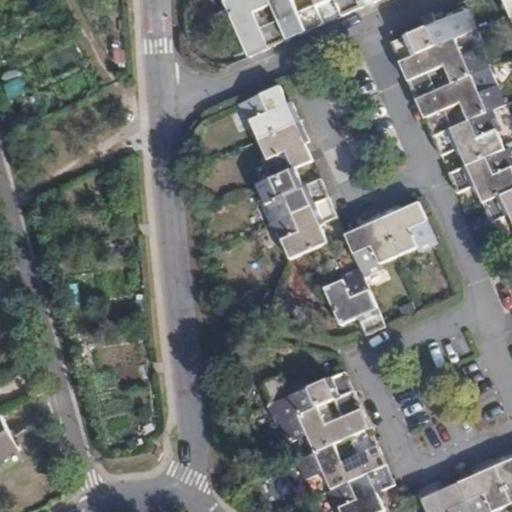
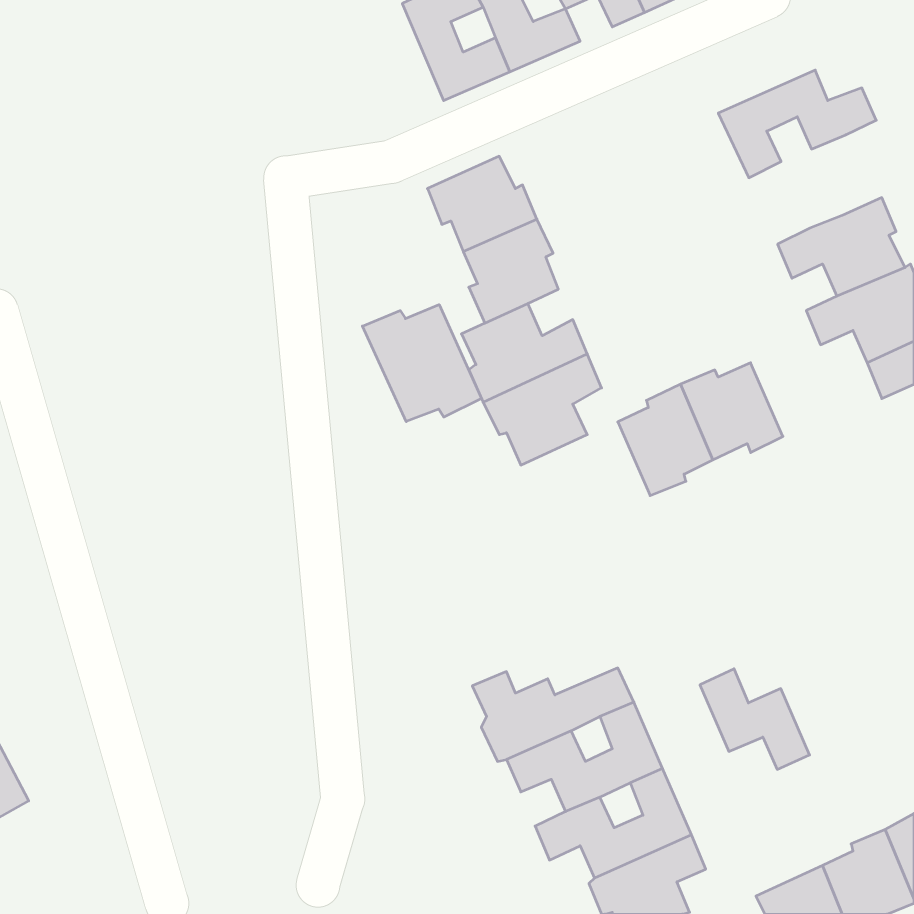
building: [392,8,477,63] -> none
building: [417,75,504,136] -> none
building: none -> [362,305,481,422]
building: [324,279,385,335] -> [700,669,810,769]

